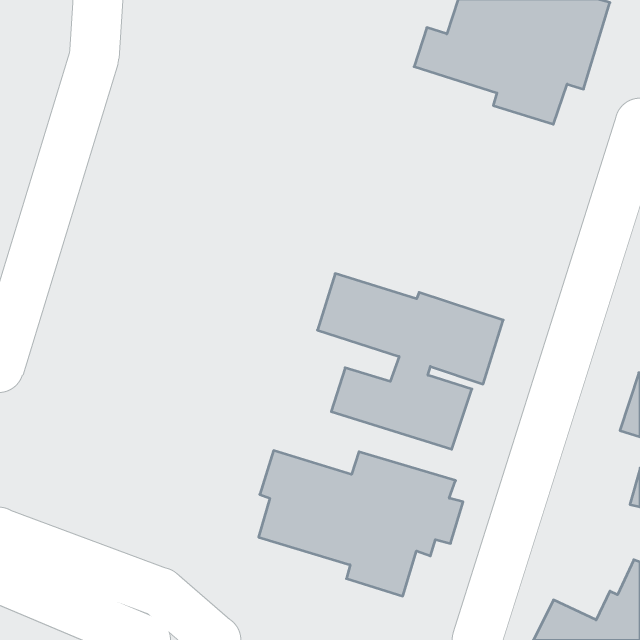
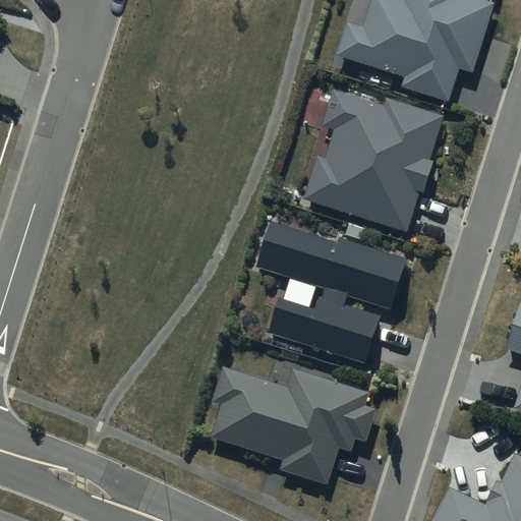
building: none -> [303,89,445,233]

